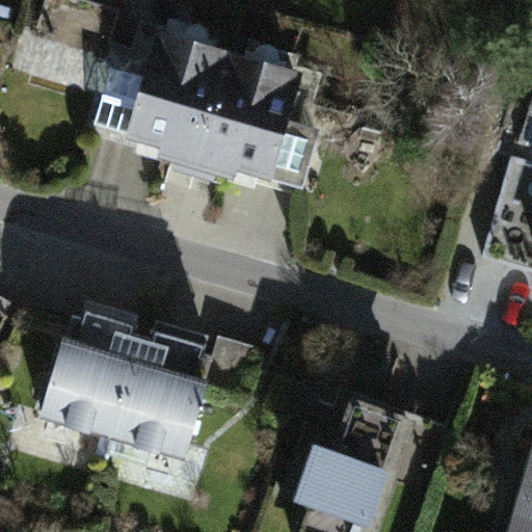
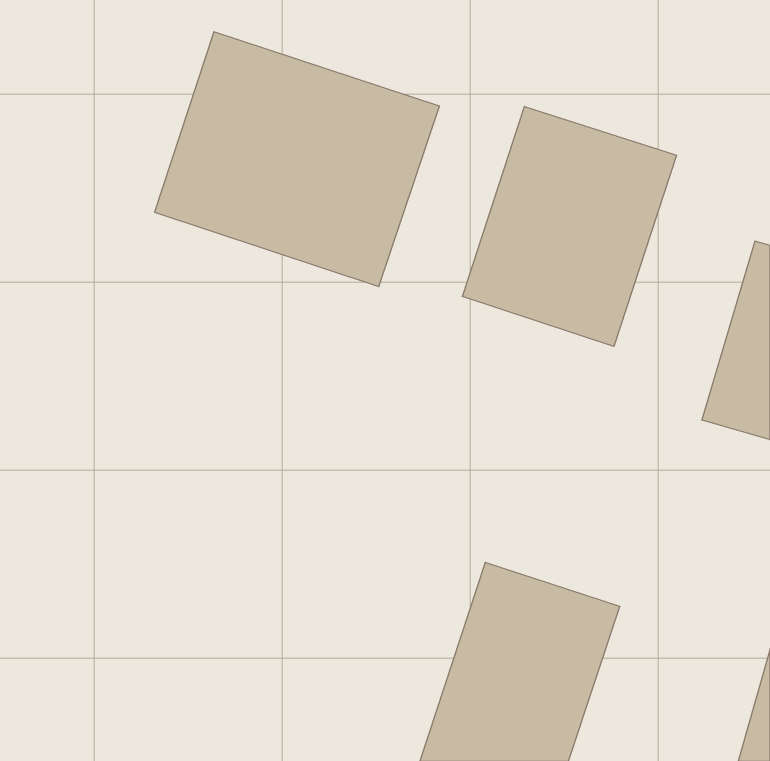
building: none -> [462,106,677,346]
building: [38,293,229,468] -> none

